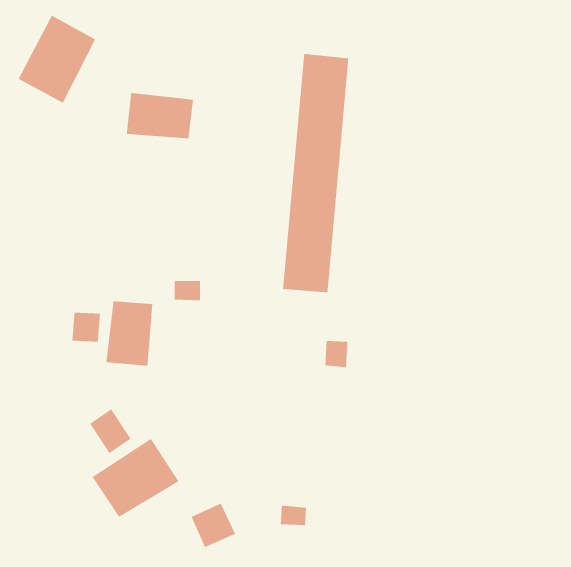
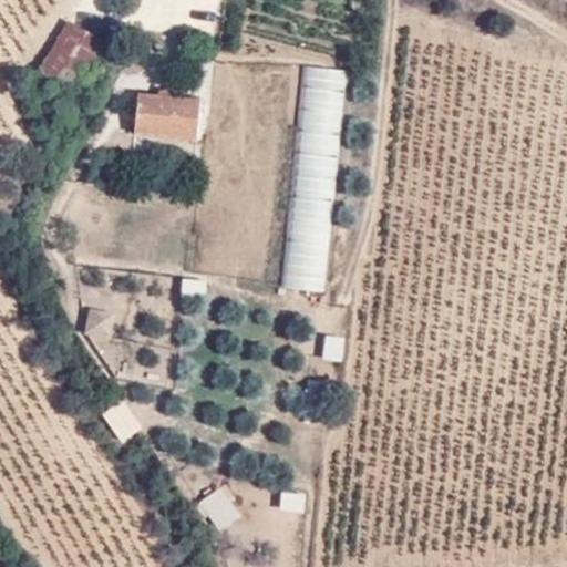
building: [105,300,153,366] -> none
building: [92,438,180,518] -> none

